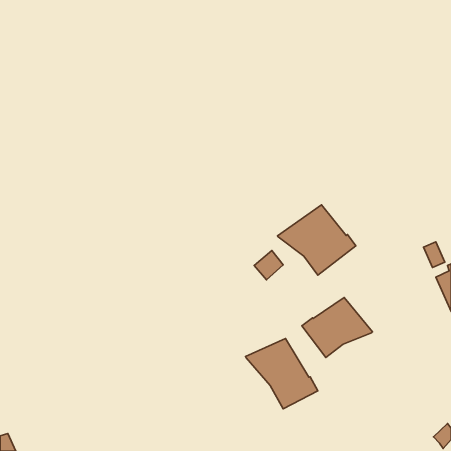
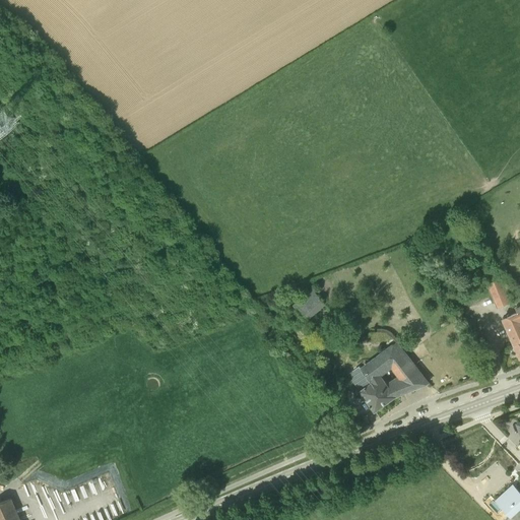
building: [278,205,356,275] -> none
building: [246,338,318,409] -> none

